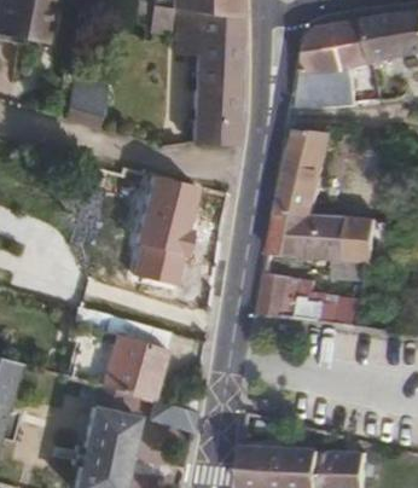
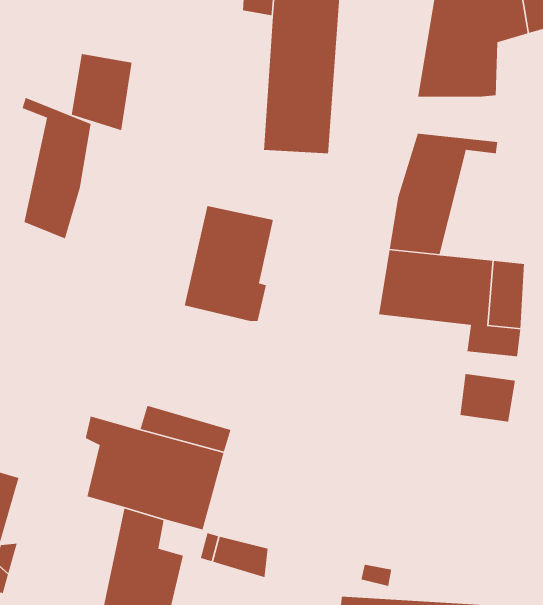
building: none -> [21,97,91,239]
building: [129,248,182,289] -> none
building: [260,273,310,320] -> none

